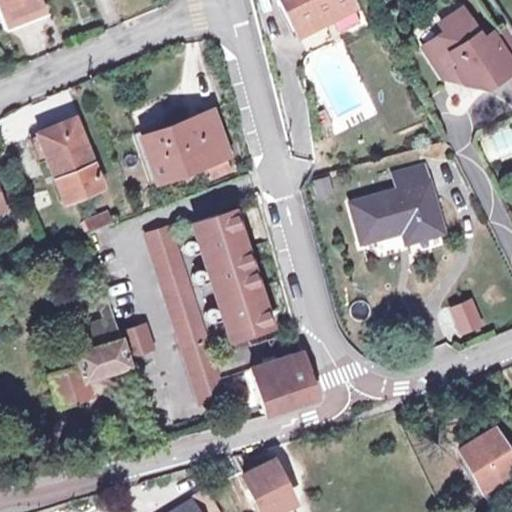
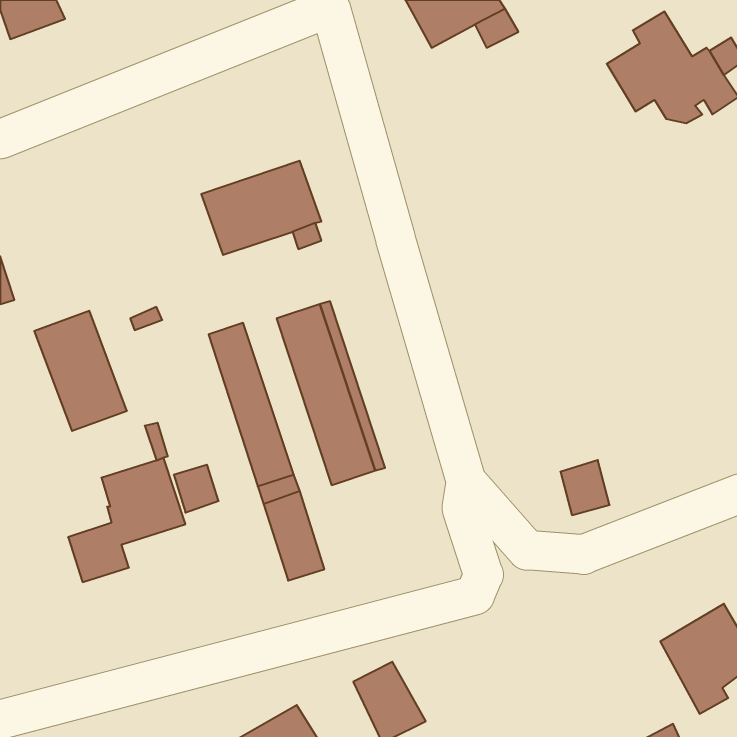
building: [39,119,103,202] -> [34,311,127,431]
building: [351,170,444,243] -> none
building: [449,300,483,338] -> [560,460,610,515]
building: [252,357,322,417] -> none

